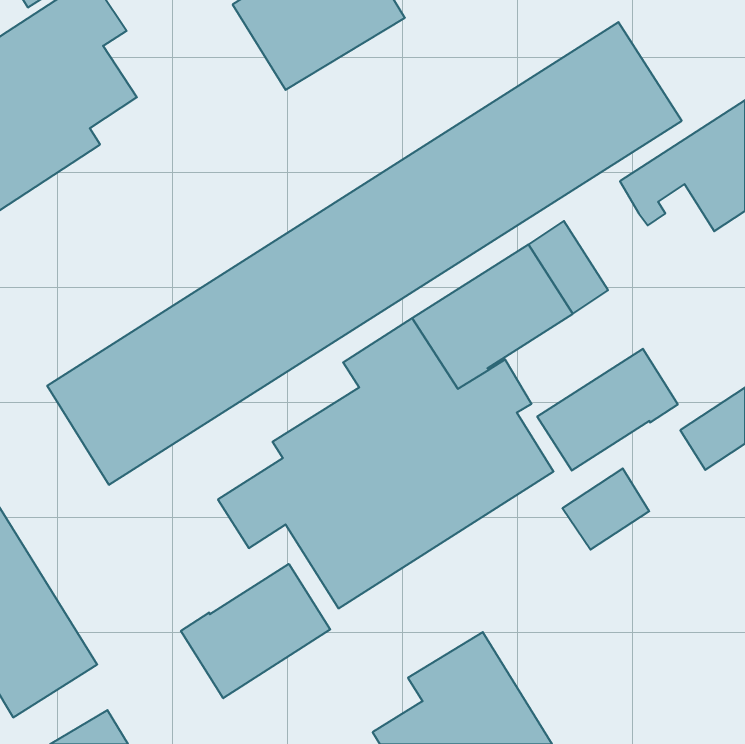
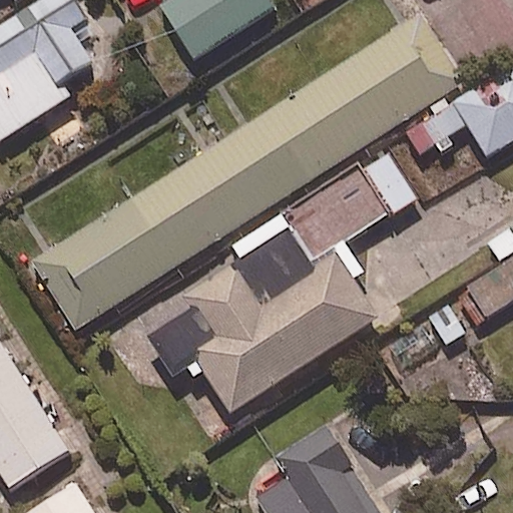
building: [537,349,678,471] -> none
building: [181,564,330,698] -> none

